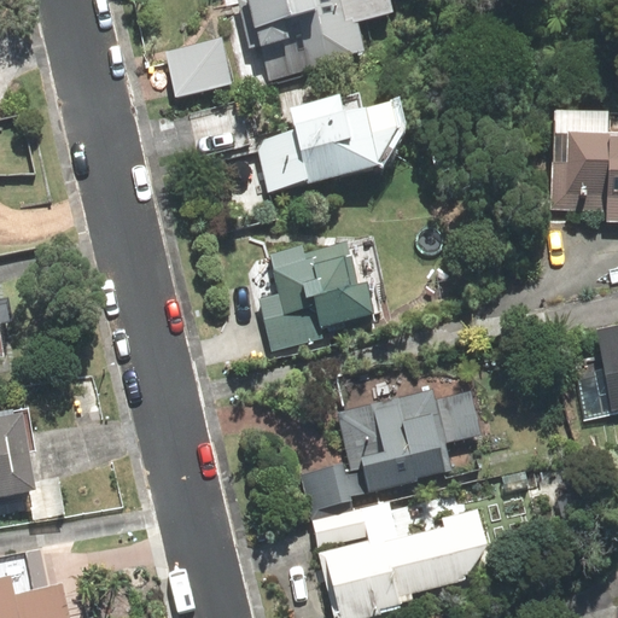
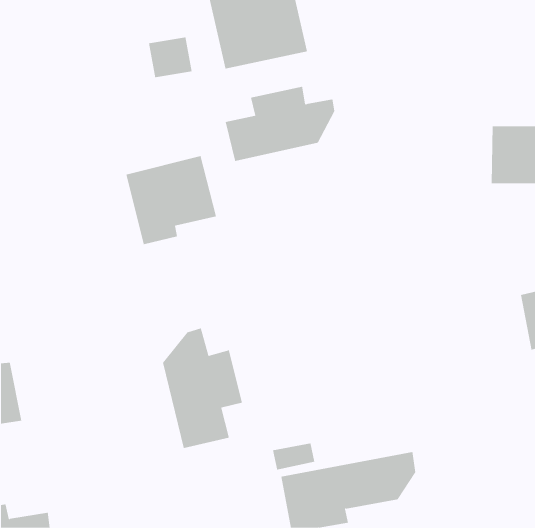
building: [258,244,363,346] -> [125,156,217,245]
building: none -> [162,328,243,449]
building: [311,390,480,497] -> none

